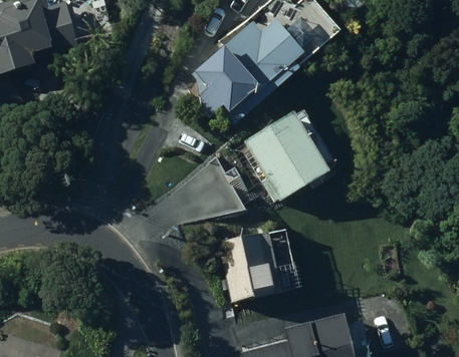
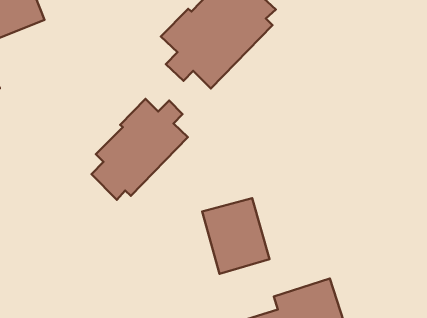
building: [249,108,331,200] -> none
building: none -> [92,99,188,200]

